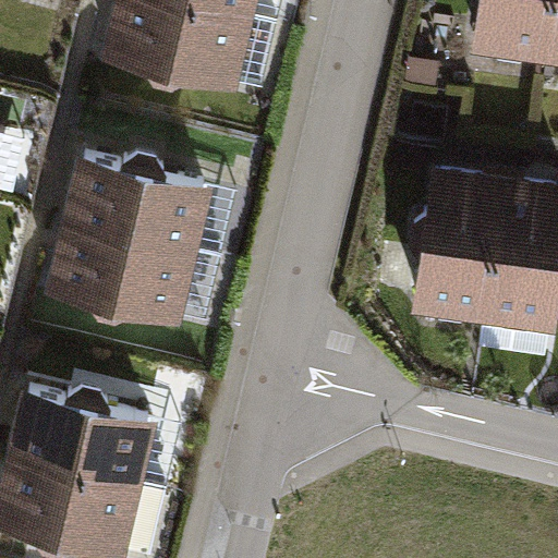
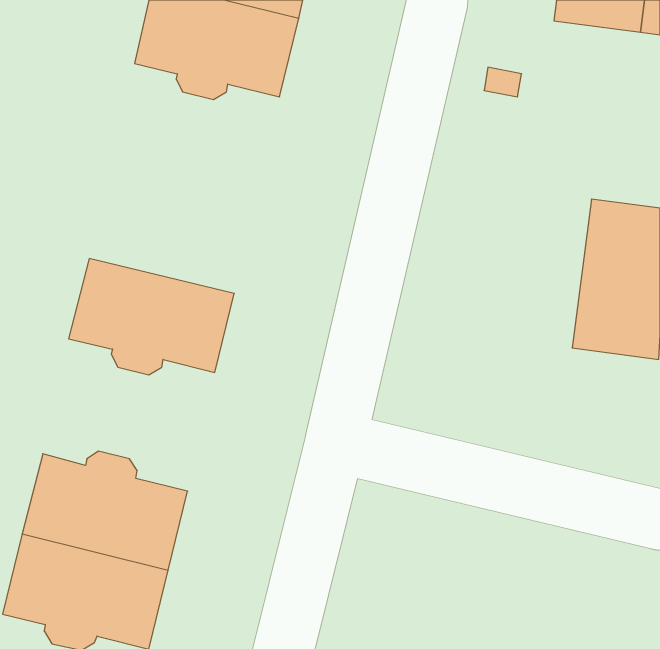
building: [75,157,214,257] -> none
building: [409,168,498,303] -> none

